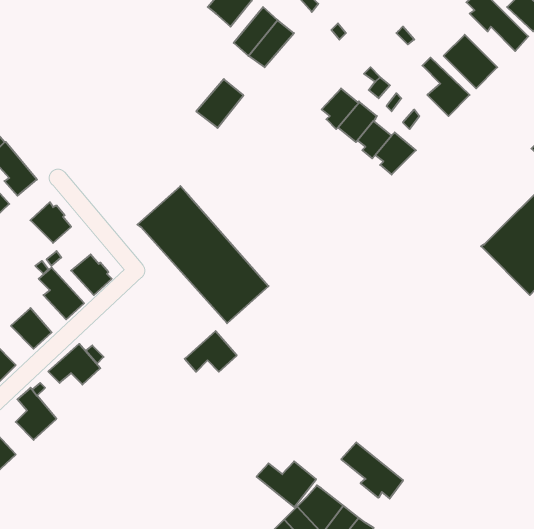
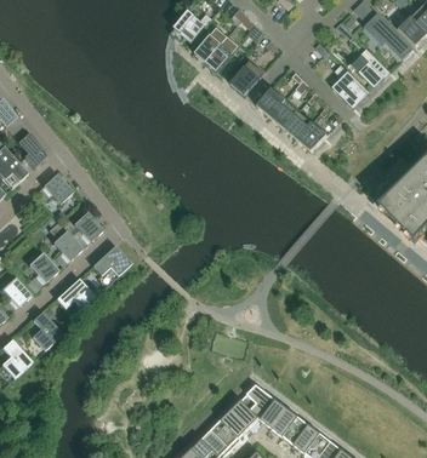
building: [196,79,243,128] -> [228,59,263,96]
building: [137,186,269,323] -> none
building: [185,331,237,372] -> [91,244,130,274]
building: [341,442,403,499] -> none
building: [257,461,316,507] -> none

